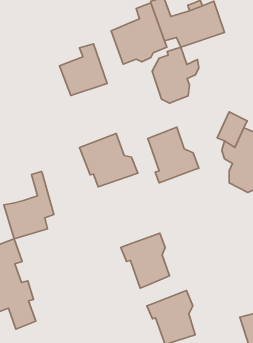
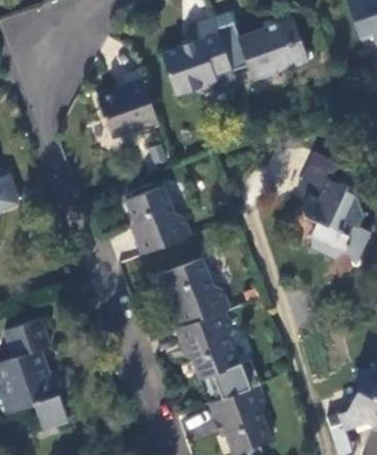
building: [152,47,199,103] -> none
building: [148,127,199,183] -> [166,258,230,328]
building: [4,171,54,239] -> none
building: none -> [207,361,258,401]

